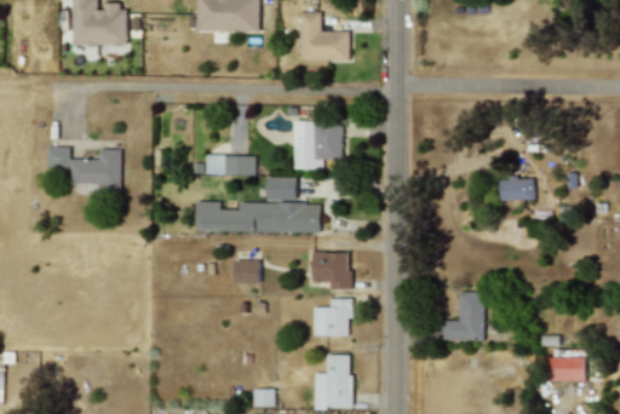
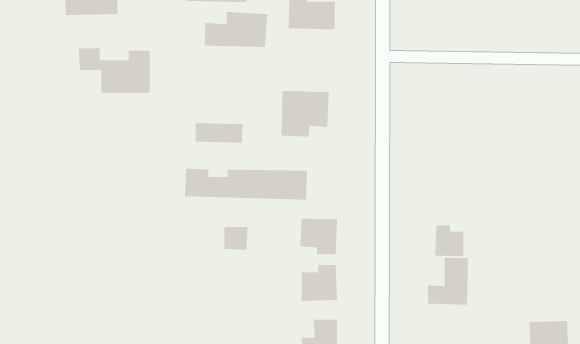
building: none -> [204,11,268,48]
building: [47,146,121,192] -> [78,48,151,93]
building: [500,176,534,201] -> none
building: [265,178,297,201] -> none
building: none -> [435,225,464,257]

